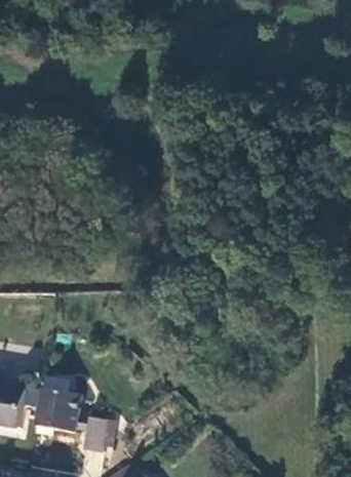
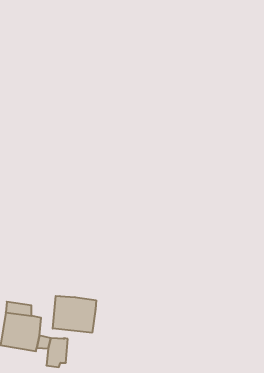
building: none -> [53,296,96,333]

